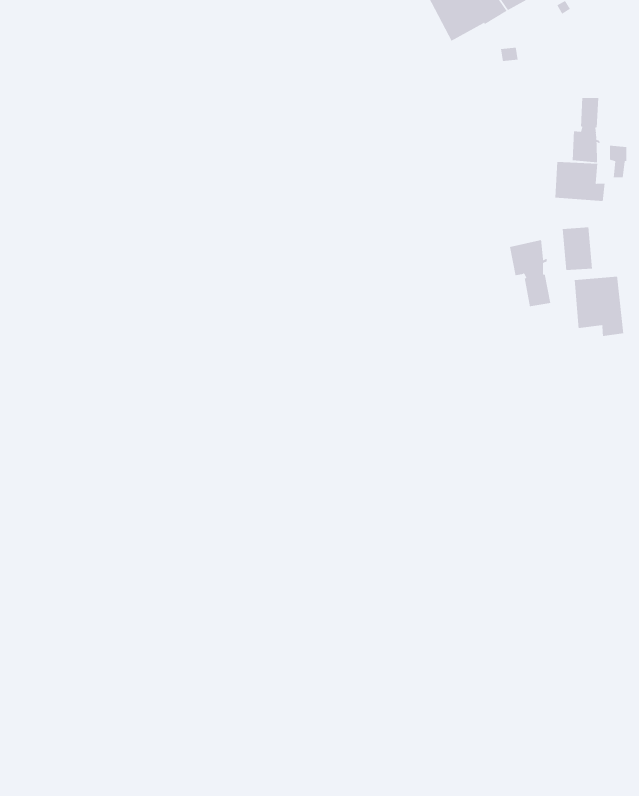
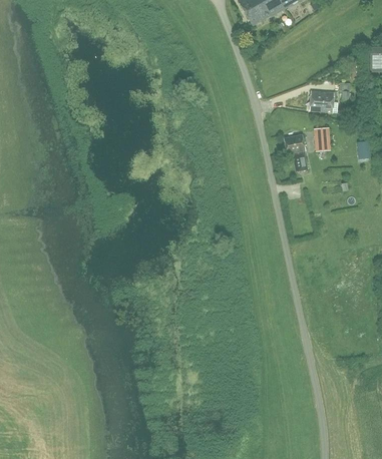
building: [572,97,600,163] -> none
building: [574,276,624,337] -> none

